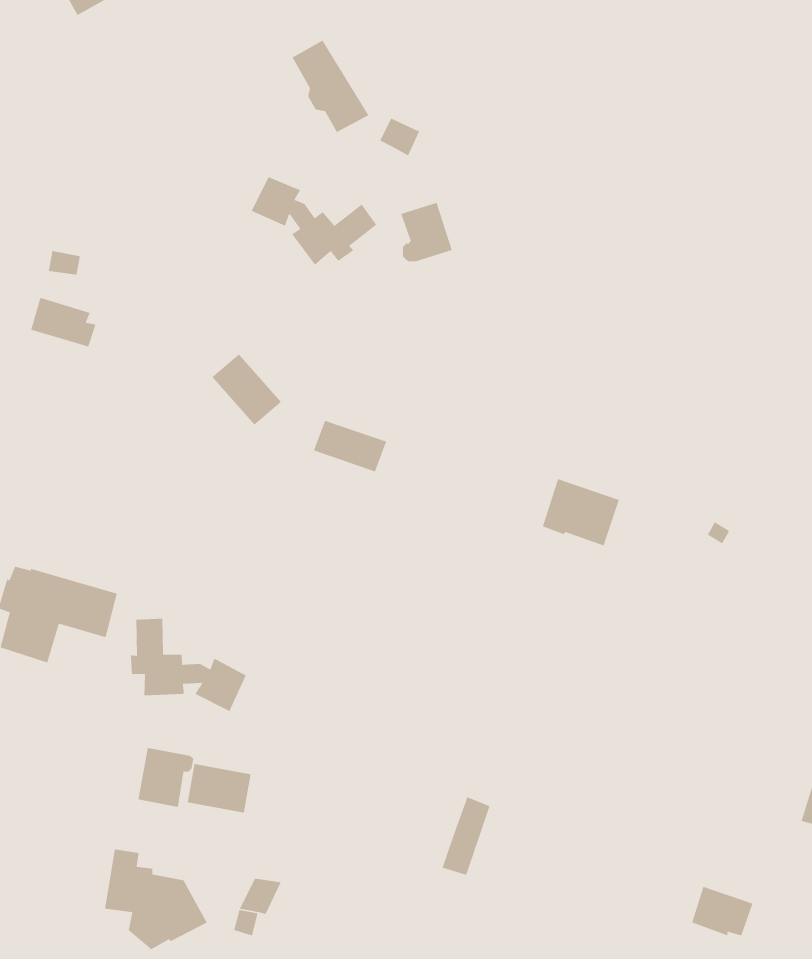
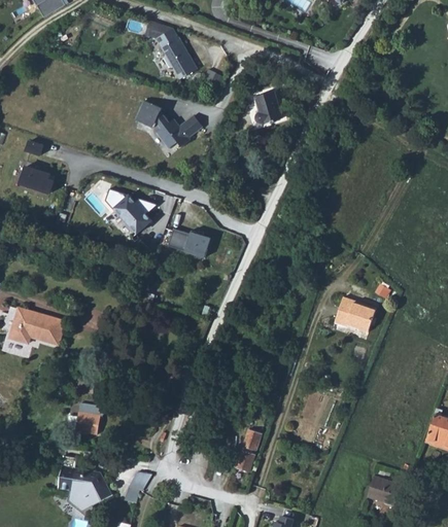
building: [400,202,453,262] -> [253,92,281,124]
building: [542,478,620,546] -> [334,296,375,332]
building: [130,618,247,712] -> none
building: [187,763,251,814] -> none

